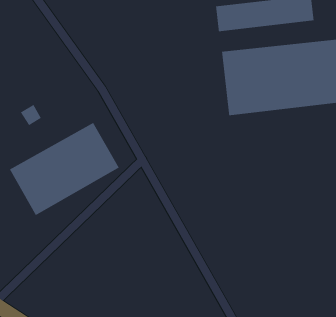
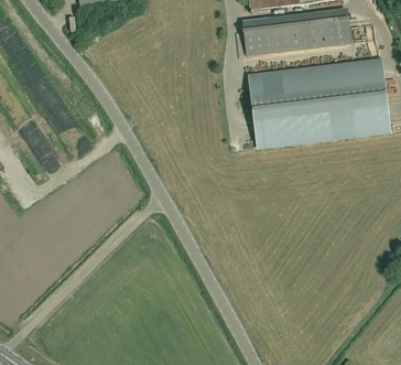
building: [9,122,120,216] -> none

